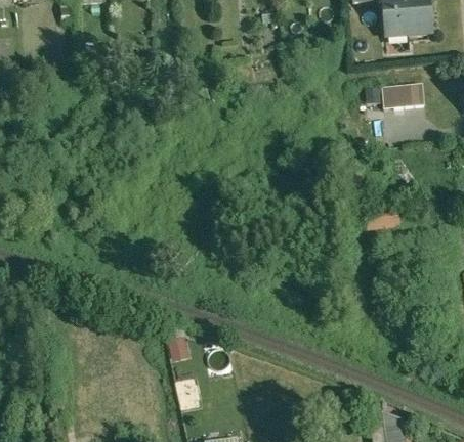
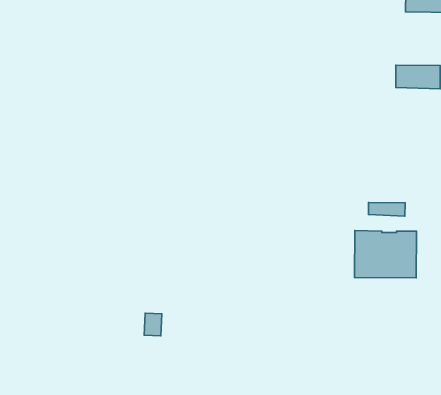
building: none -> [355,230,417,278]

